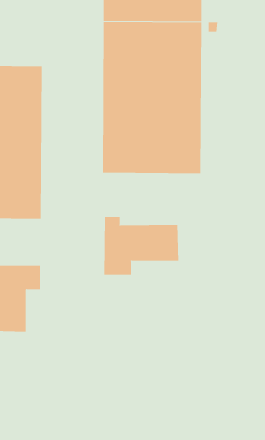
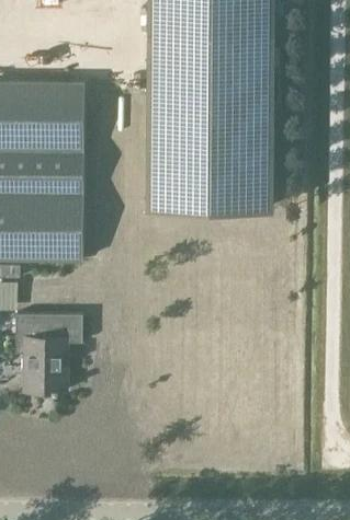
building: [104,216,179,276] -> none

